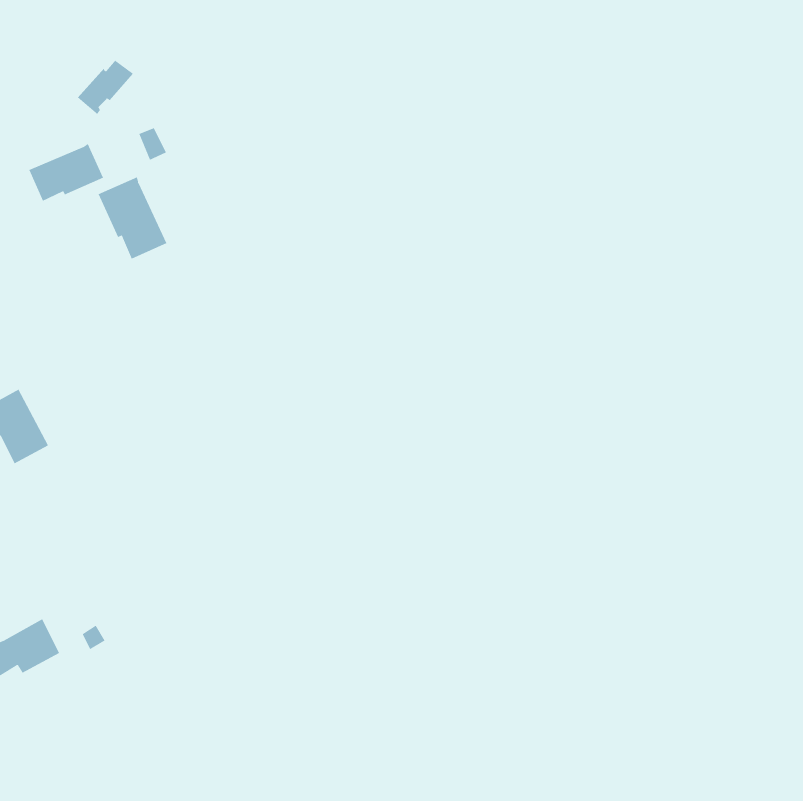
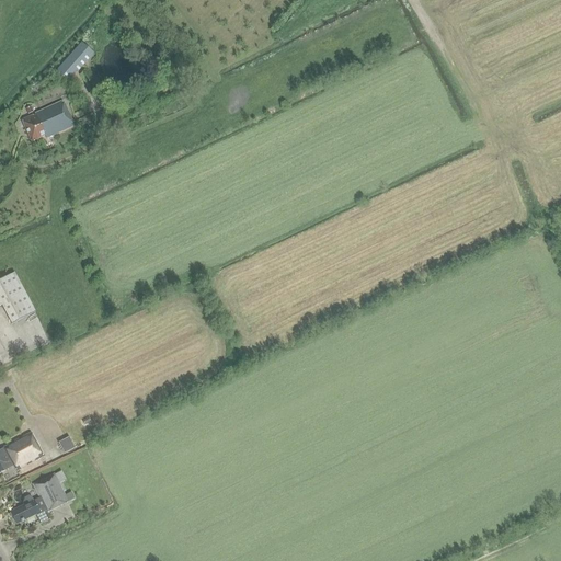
building: [98,176,167,259] -> none
building: none -> [9,473,67,523]

